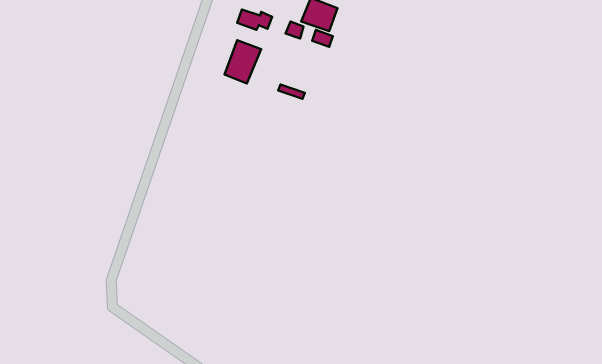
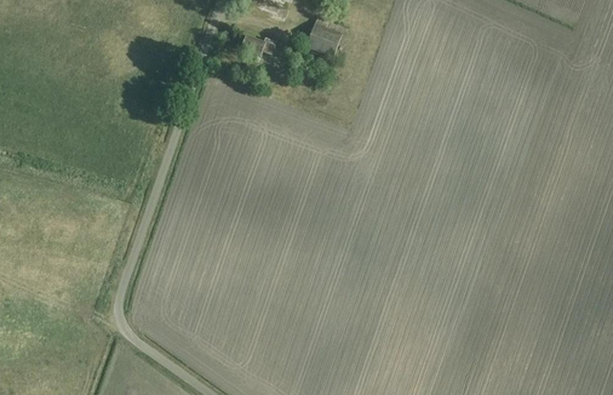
building: [225,40,261,84] -> none

